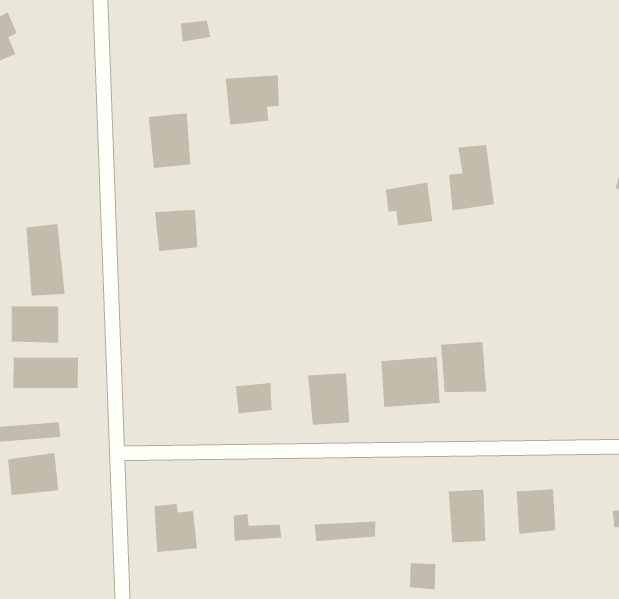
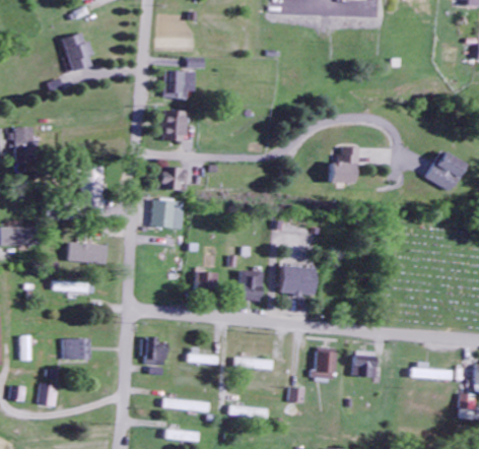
building: [225,75,280,125] -> [163,70,195,98]
building: [385,182,433,226] -> none
building: none -> [152,200,184,227]
building: [11,305,59,343] -> none
building: [440,341,487,393] -> none
building: [7,452,59,495] -> [61,337,89,360]

